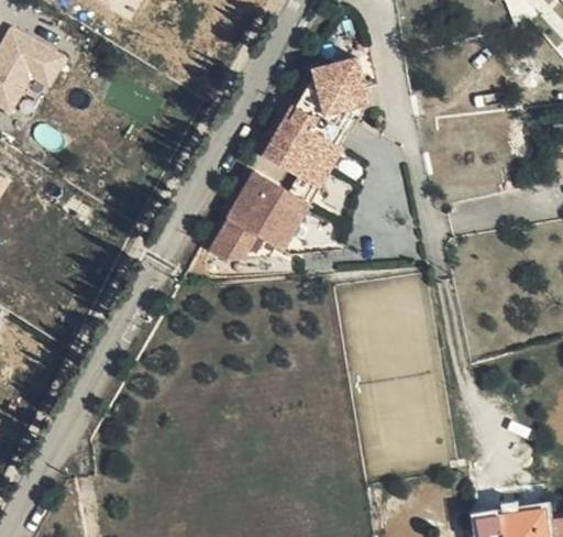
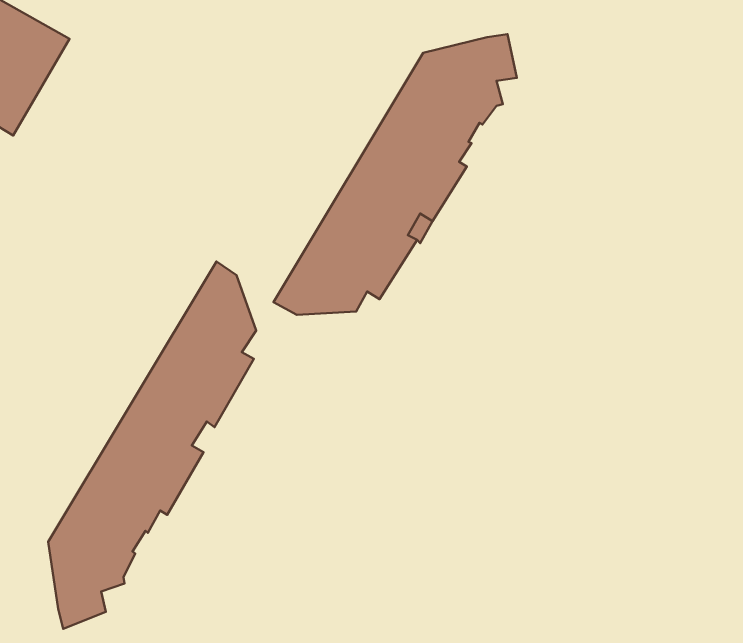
building: none -> [48,261,256,629]

